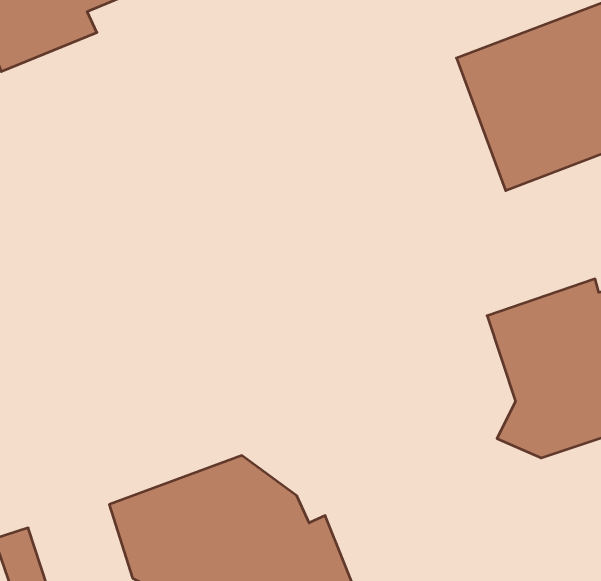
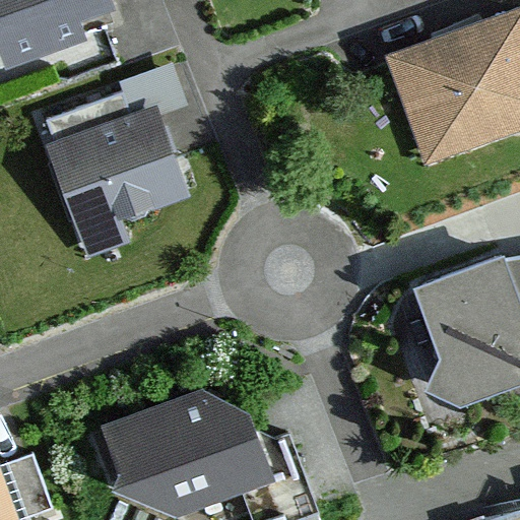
building: none -> [45,61,189,261]

